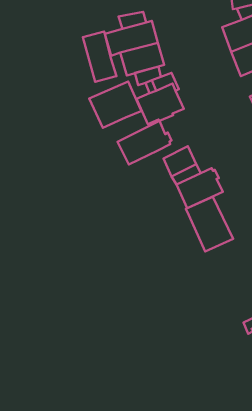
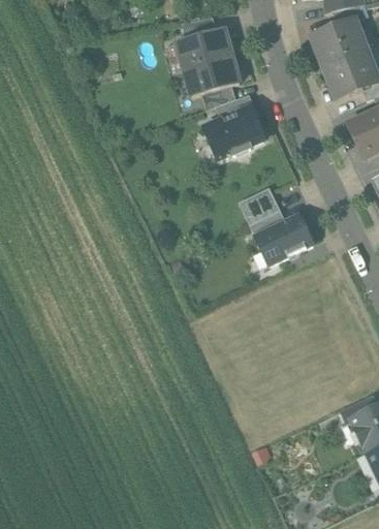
building: [83,32,116,82] -> none
building: [89,81,142,128] -> none
building: [117,121,171,165] -> none
building: [186,197,233,251] -> none

